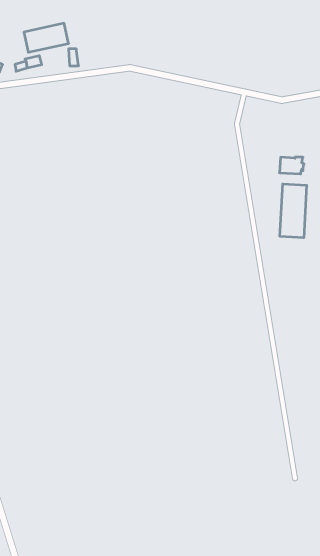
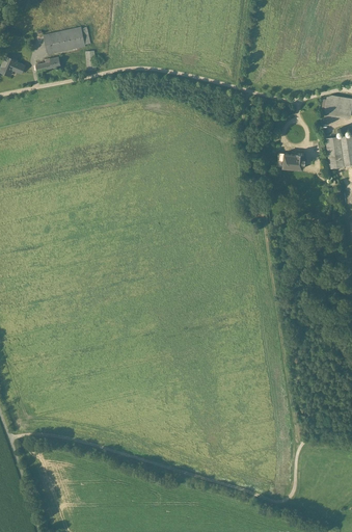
building: [280,184,307,238] -> none

